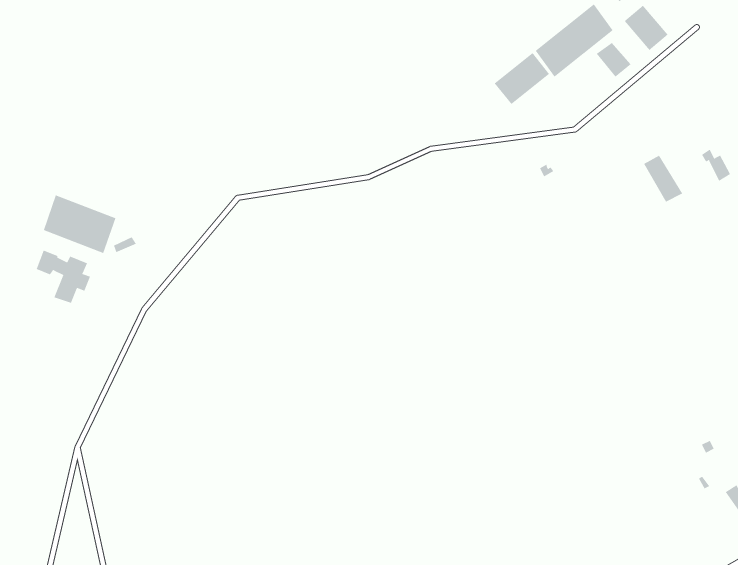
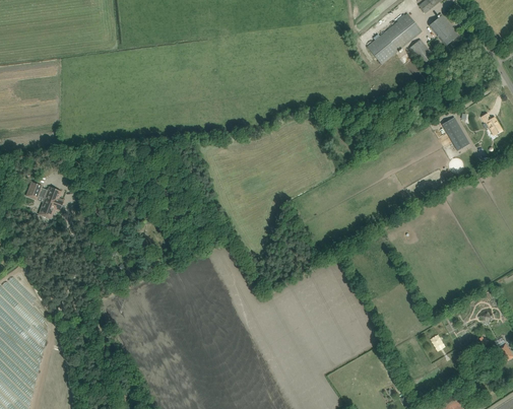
building: [494,52,550,105] -> none
building: [43,195,116,254] -> none

